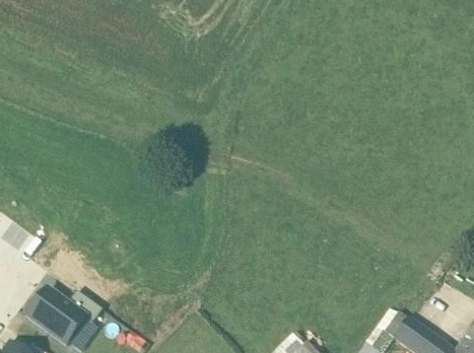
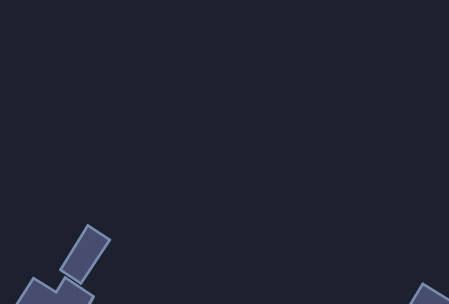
building: none -> [60,226,110,283]

